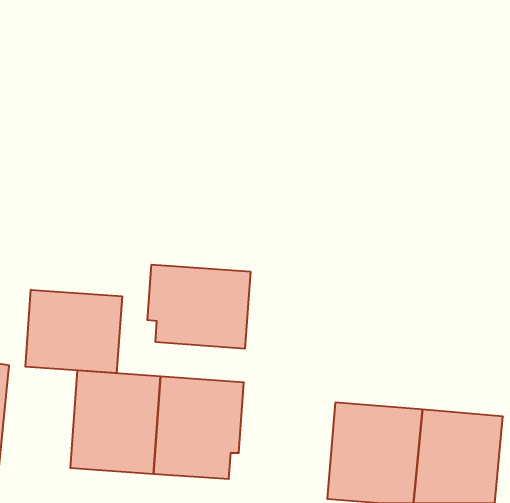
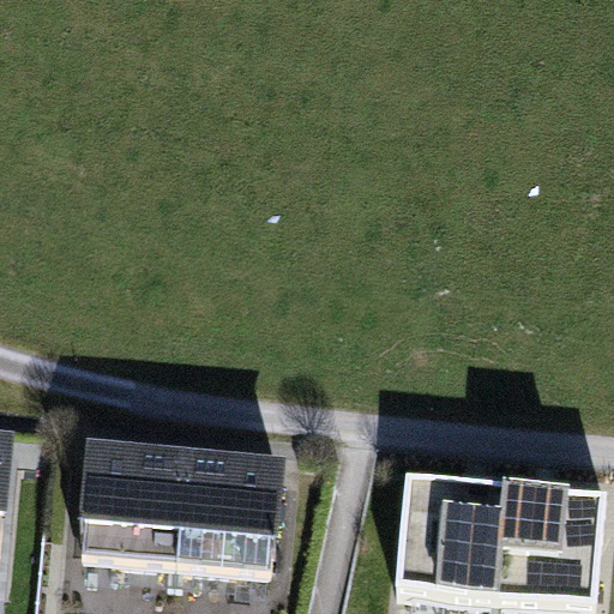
building: [148,265,250,349] -> none
building: [25,290,122,373] -> none

